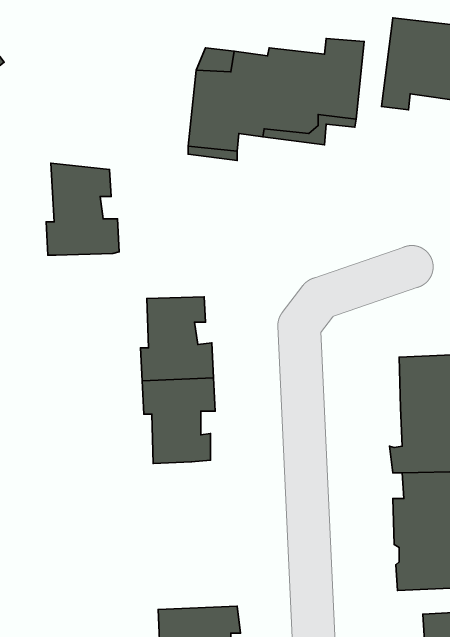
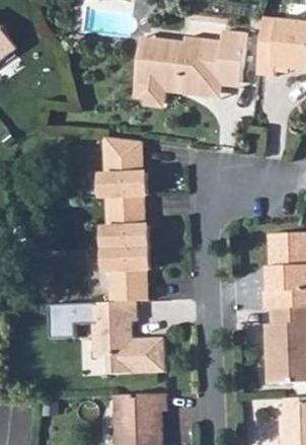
building: [46,163,119,255] -> [100,138,147,197]
building: none -> [48,301,164,374]

